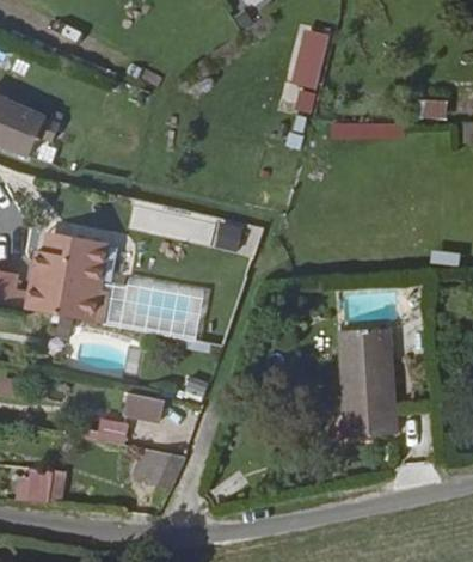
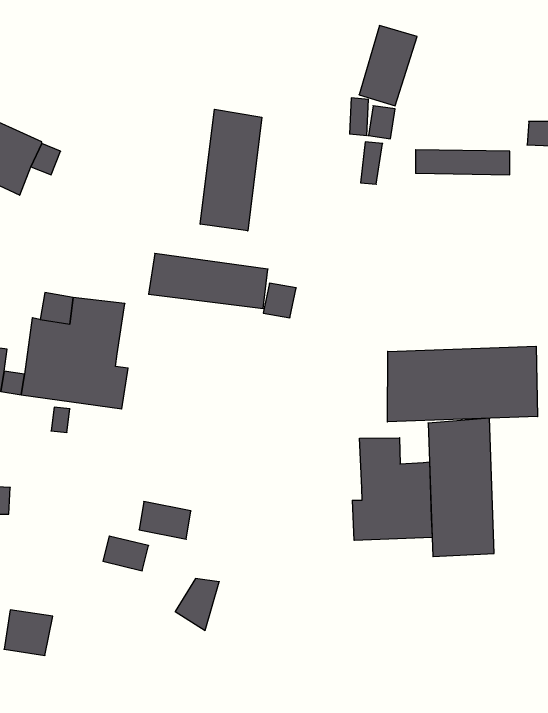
building: none -> [200,109,262,231]
building: none -> [387,346,538,422]
building: [103,273,208,332] -> none
building: none -> [352,438,432,540]

